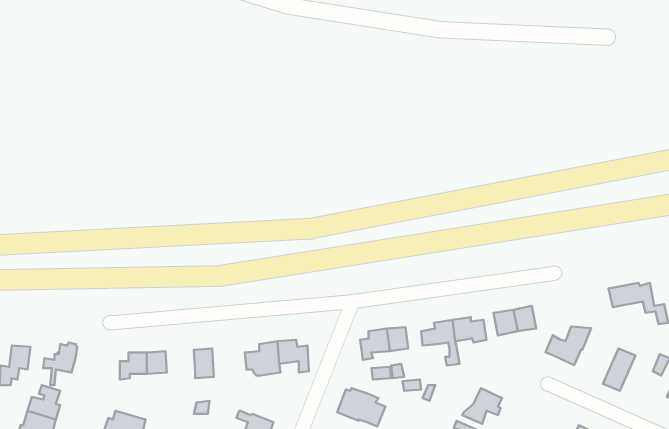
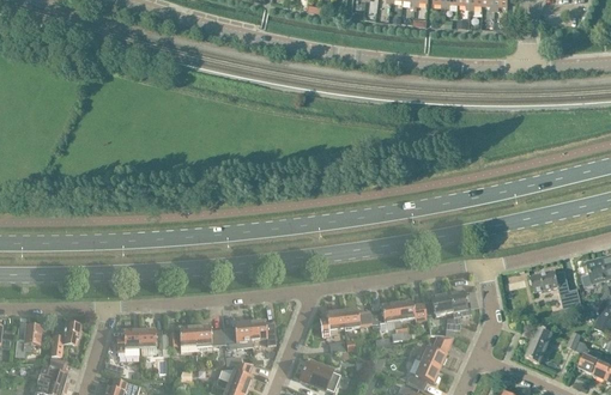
building: [546,327,591,365] -> [415,335,453,367]
building: none -> [194,324,223,350]
building: none -> [218,363,252,388]

